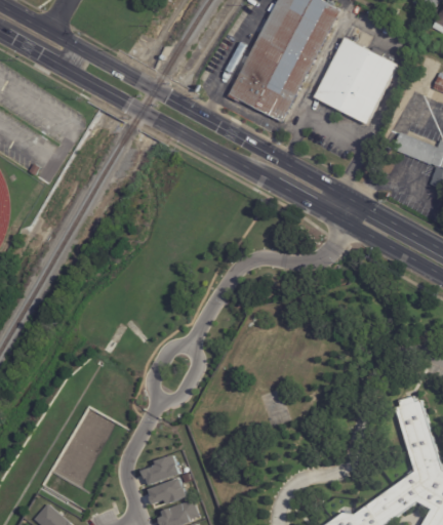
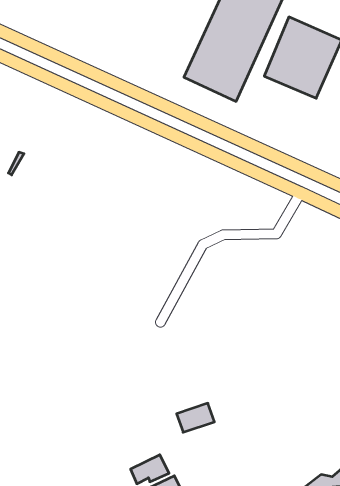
building: [140,456,178,484] -> [177,403,214,432]

